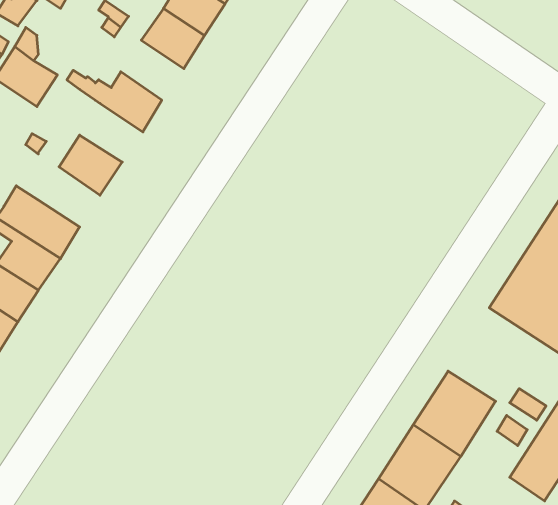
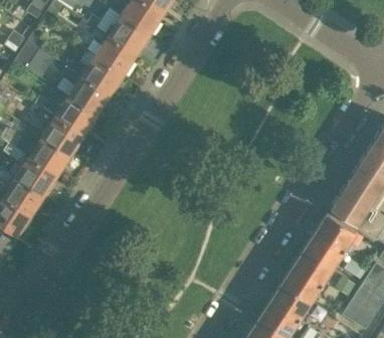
building: none -> [94,36,135,74]
building: none -> [68,74,109,114]
building: none -> [42,117,81,155]
building: none -> [303,211,356,266]

